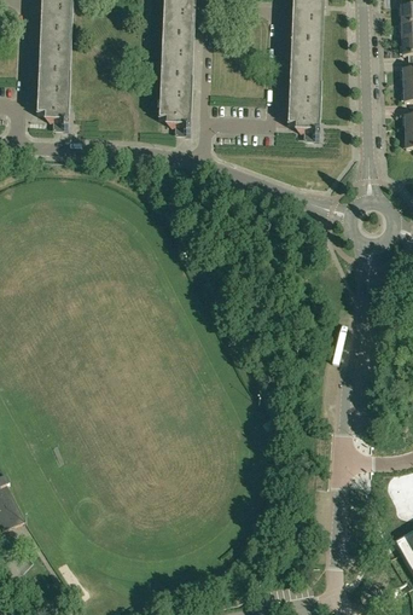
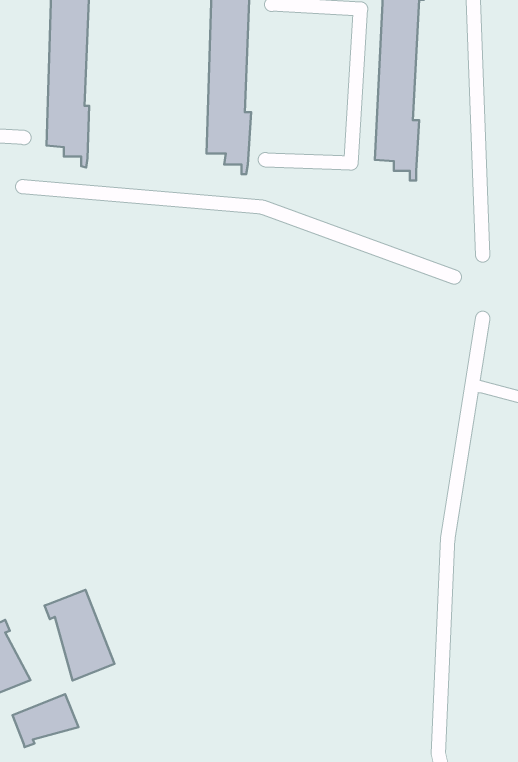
building: none -> [45,590,115,681]
building: none -> [12,694,79,747]

